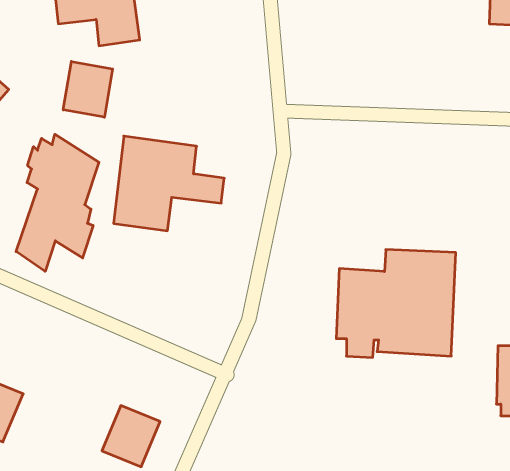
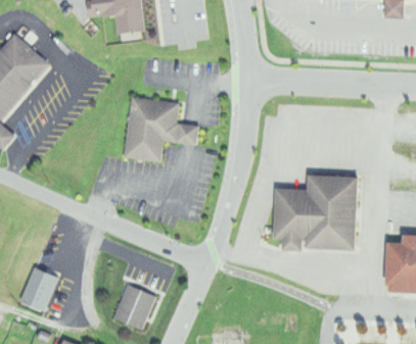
building: [63,61,113,117] -> none
building: [16,134,99,271] -> none

